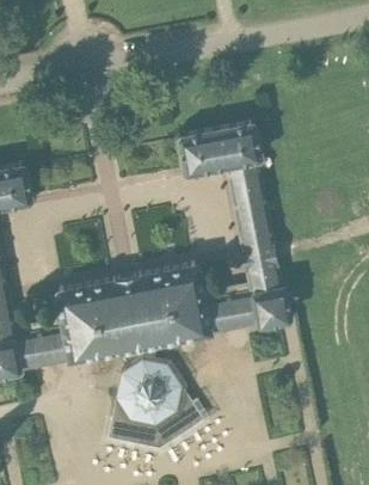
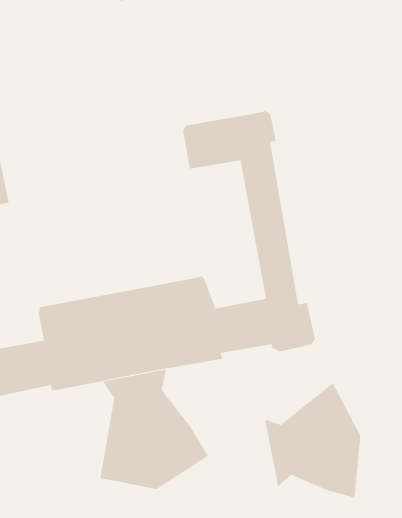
building: none -> [264,382,361,499]

